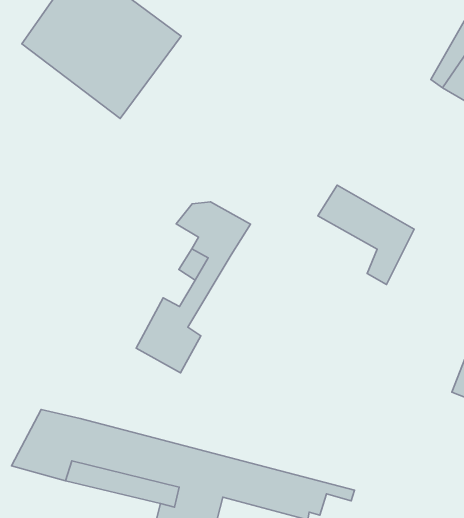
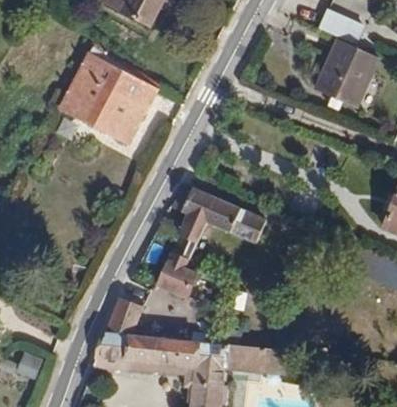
building: [318,185,414,285] -> [209,197,270,254]
building: none -> [106,299,142,334]

